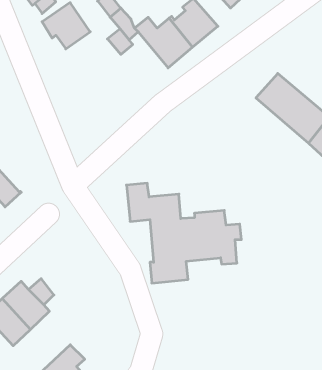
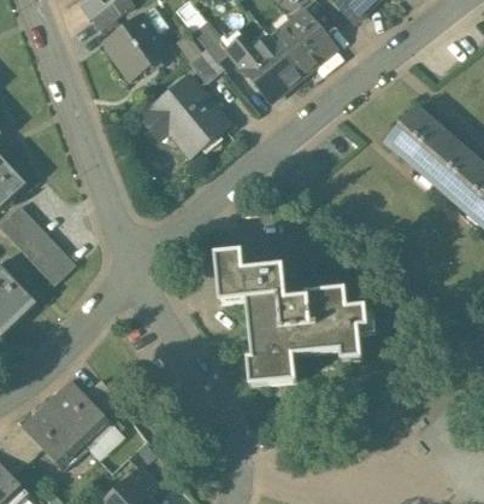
building: none -> [141,77,225,150]

